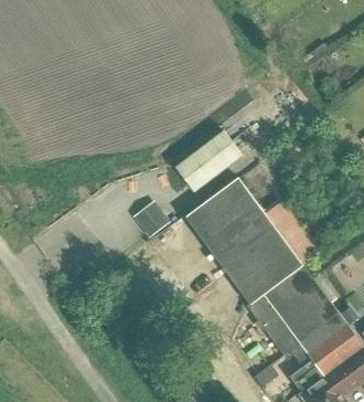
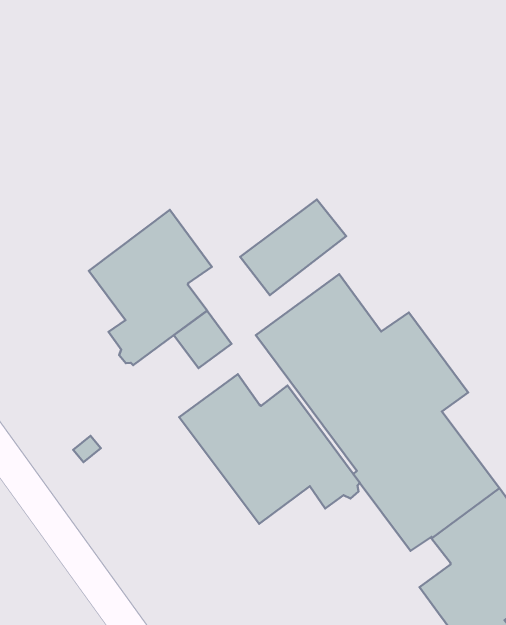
building: none -> [89,210,212,365]
building: none -> [179,374,360,524]

